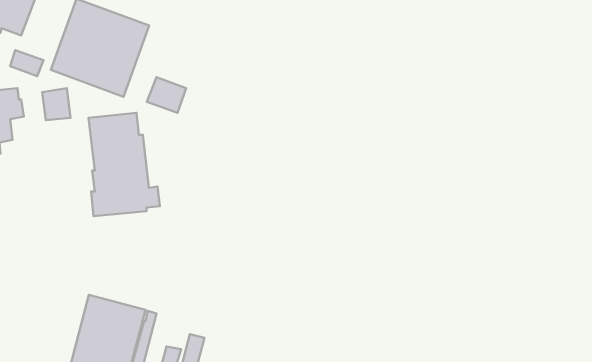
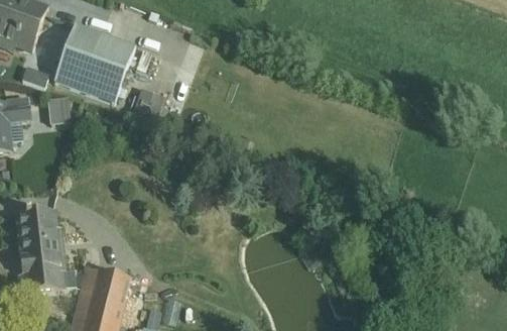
building: [89,113,160,216] -> [16,209,75,294]

